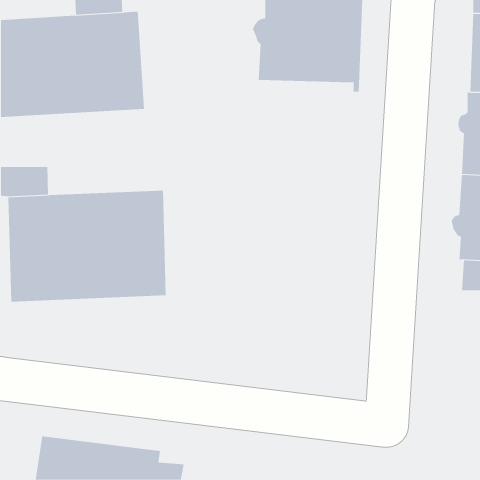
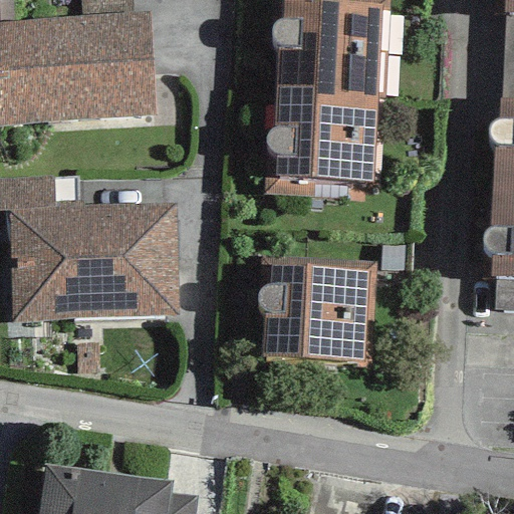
building: none -> [265,85,377,182]
building: none -> [257,257,376,366]

